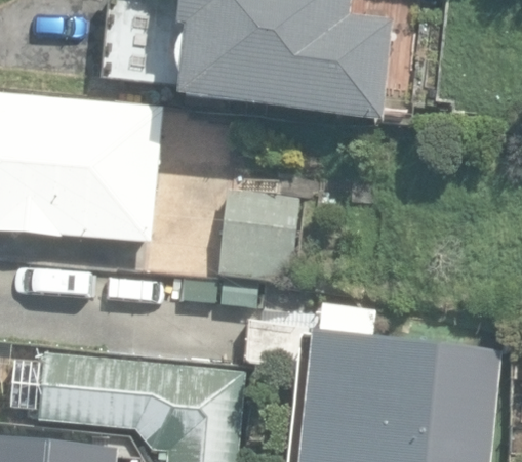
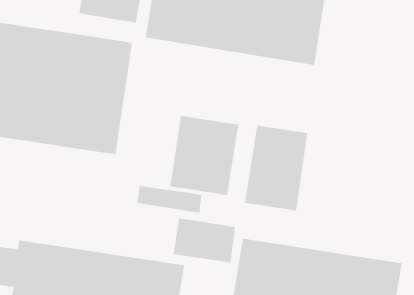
building: none -> [245,125,308,211]

